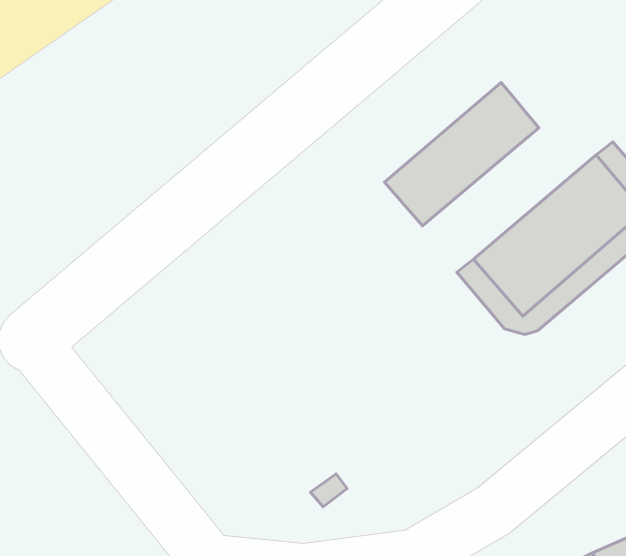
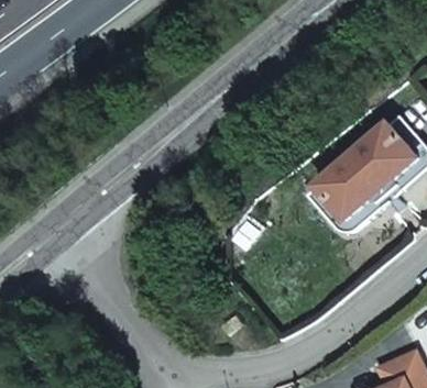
building: [385,83,539,226] -> none

